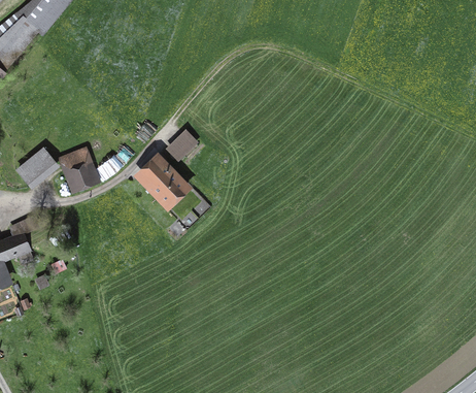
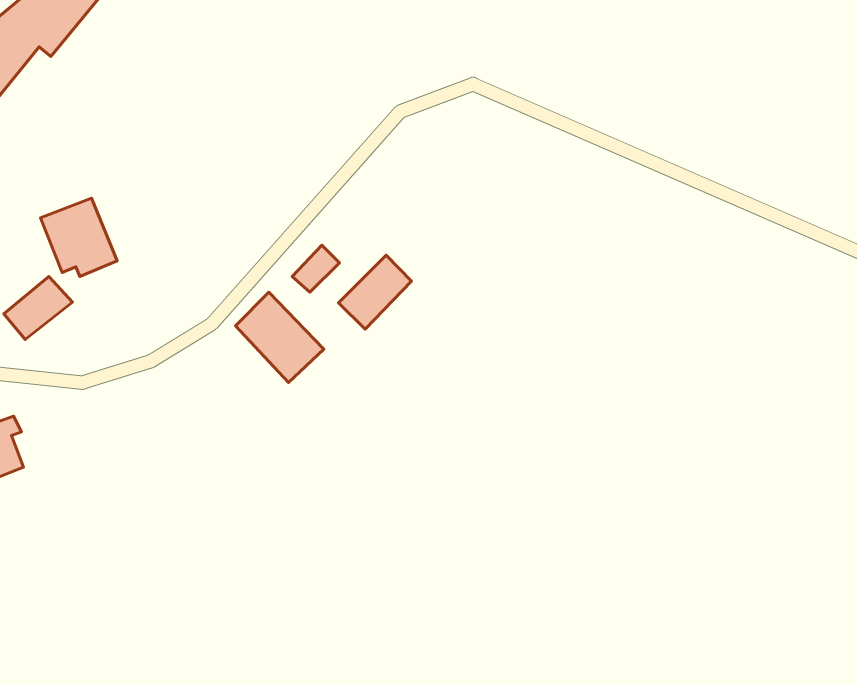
building: none -> [338,255,411,329]
building: [60,149,100,190] -> [40,198,117,277]

